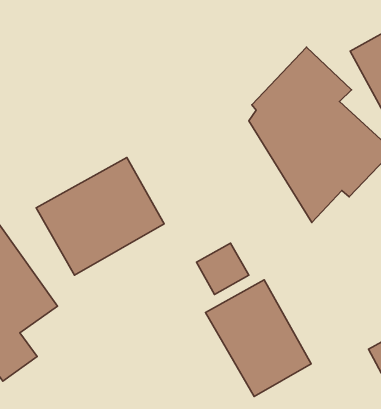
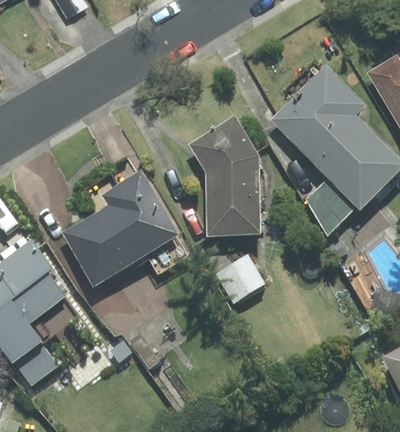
building: none -> [188,116,264,240]
building: [206,280,311,396] -> none

